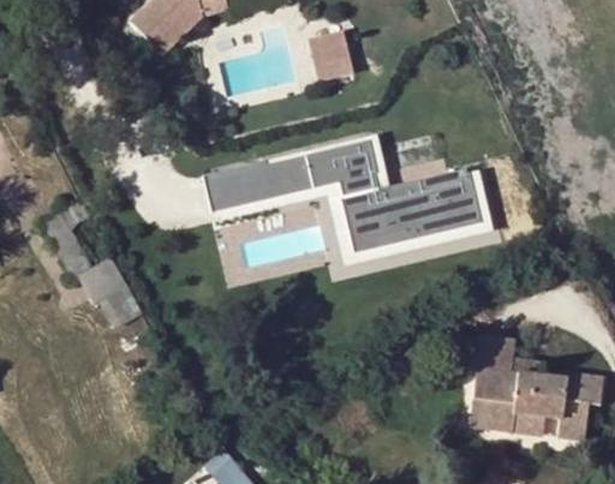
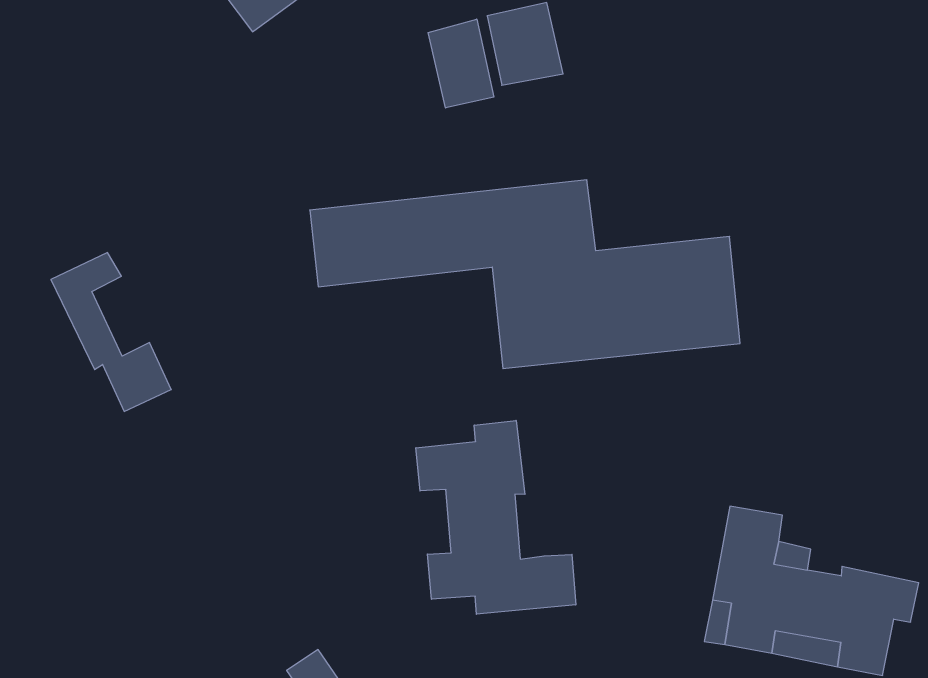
building: none -> [428,19,494,108]
building: none -> [416,420,576,614]

